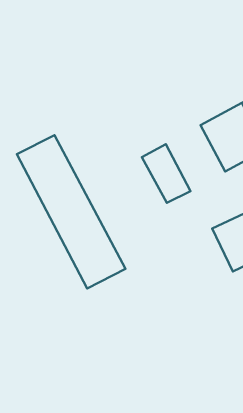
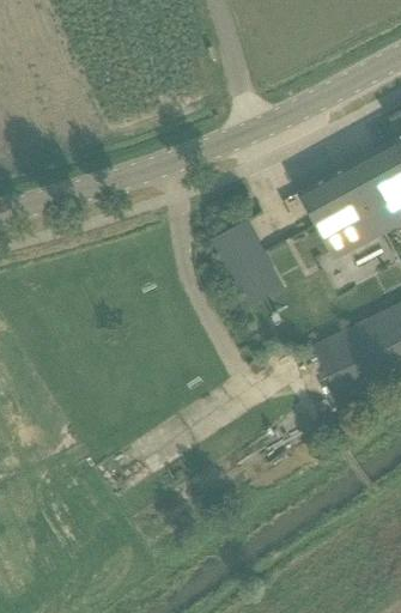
building: [17,135,126,289] -> none

